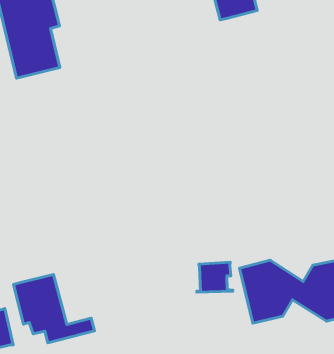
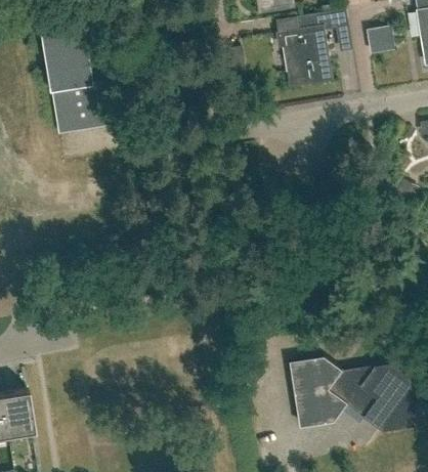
building: [197,262,233,292] -> none
building: [14,274,94,343] -> none

